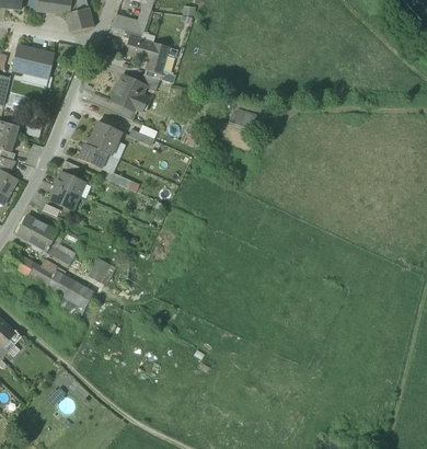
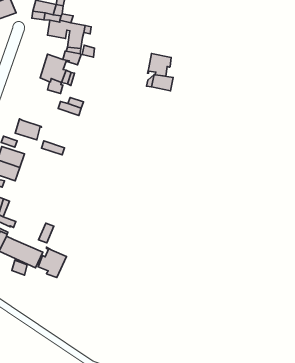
building: none -> [147,54,171,76]
building: [88,120,122,153] -> none
building: none -> [38,247,66,278]

